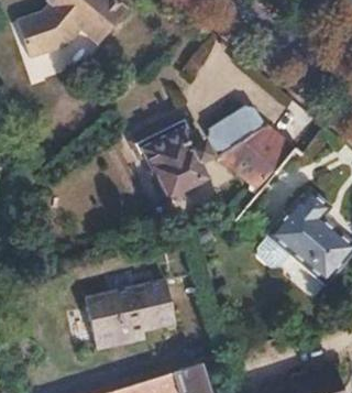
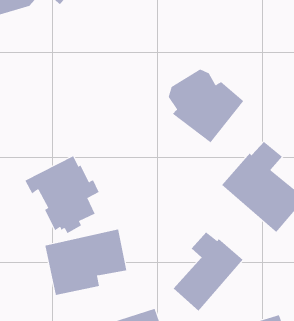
building: [131,118,210,200] -> [24,155,100,234]
building: none -> [173,231,244,311]

